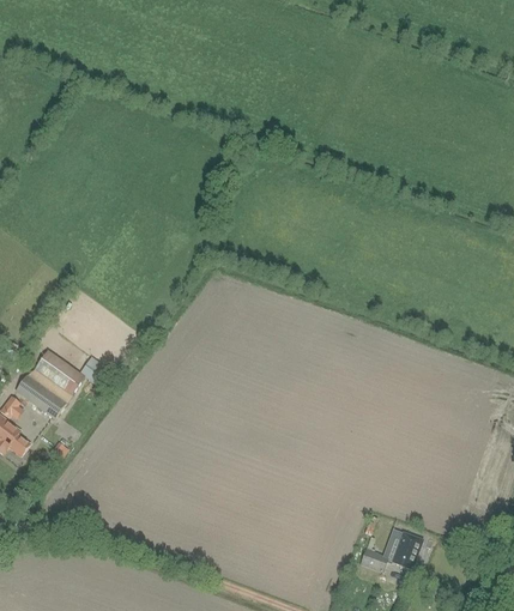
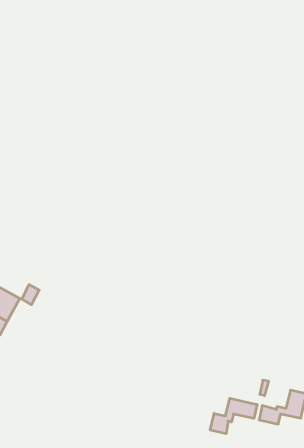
building: none -> [210,398,257,434]

